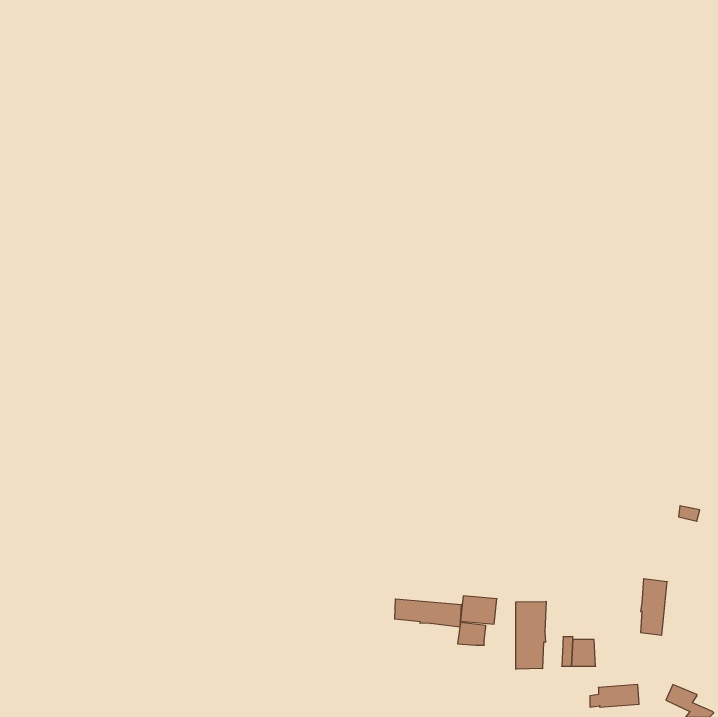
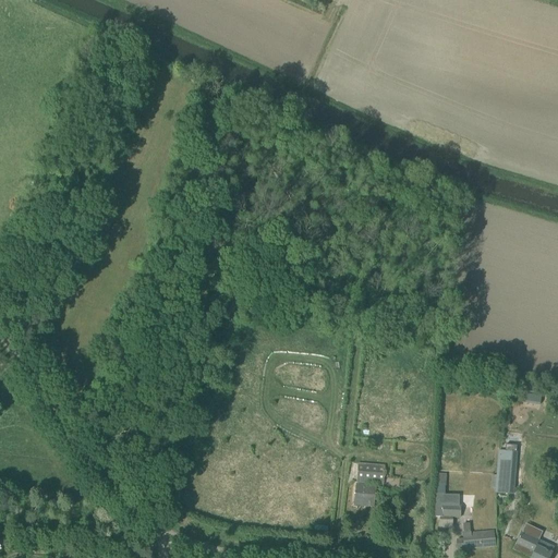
building: [395,599,461,627] -> none
building: [516,601,546,669] -> none

